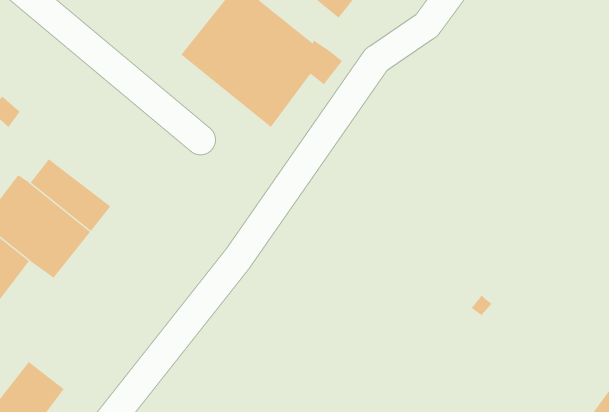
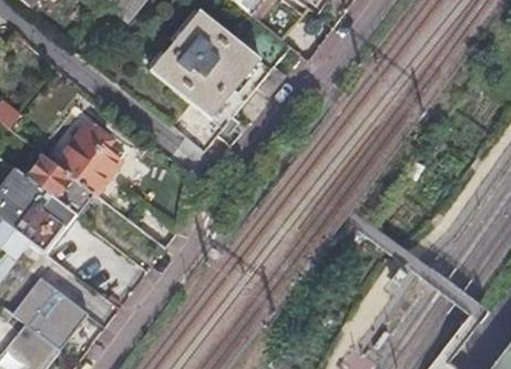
building: none -> [57,123,125,193]
building: none -> [12,275,84,346]

